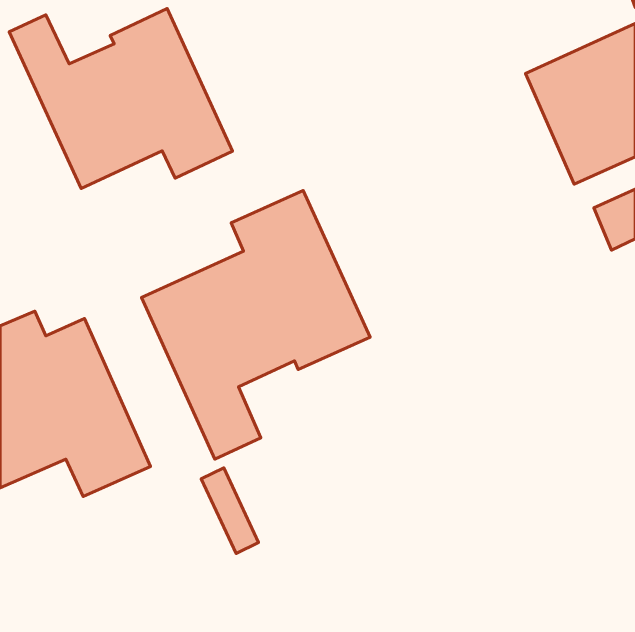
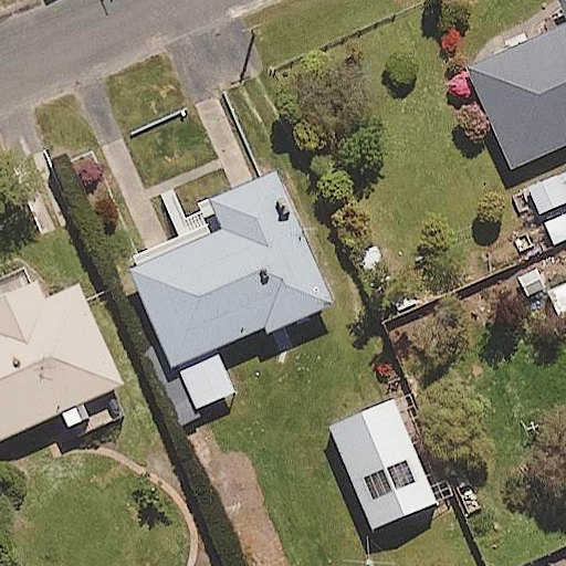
building: [9,9,232,188] -> none
building: none -> [327,396,446,530]

